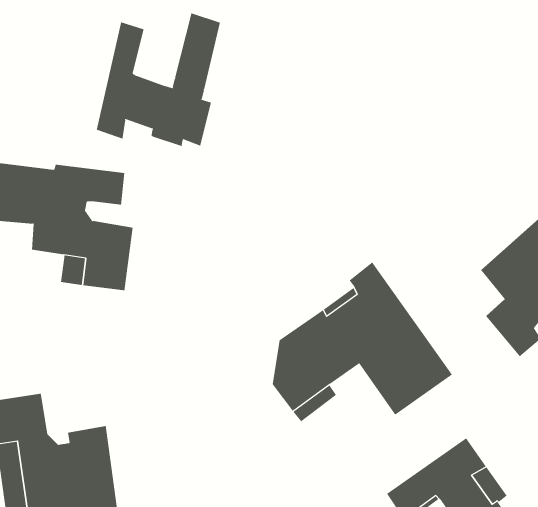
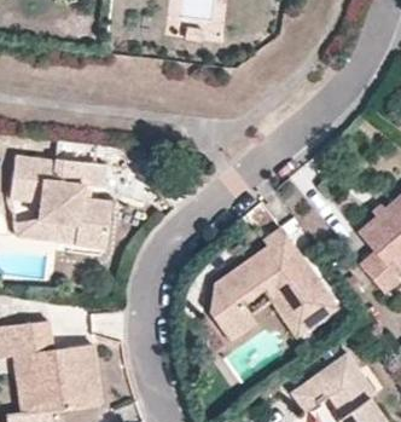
building: [96,12,221,147] -> none

